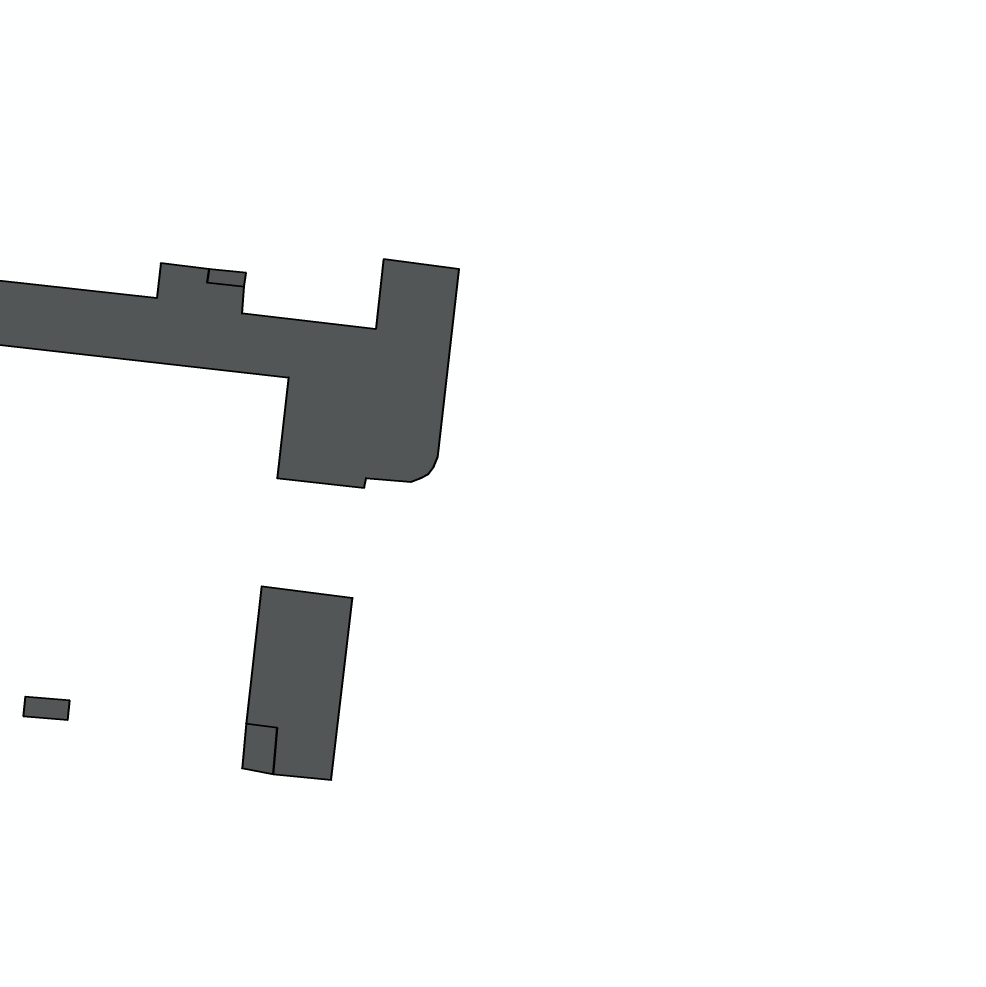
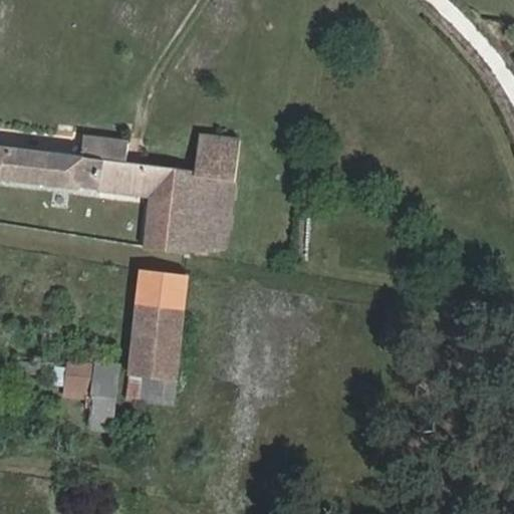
building: none -> [136,269,187,310]
building: none -> [64,361,116,429]

